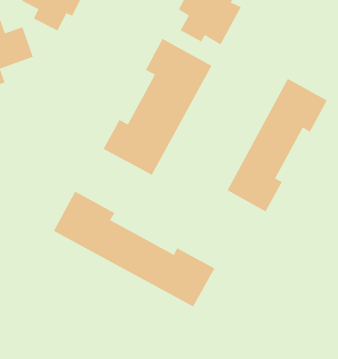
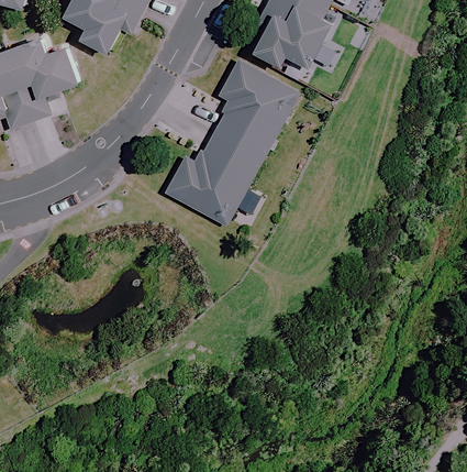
building: [226,78,328,213] -> none
building: [53,191,215,308] -> none

